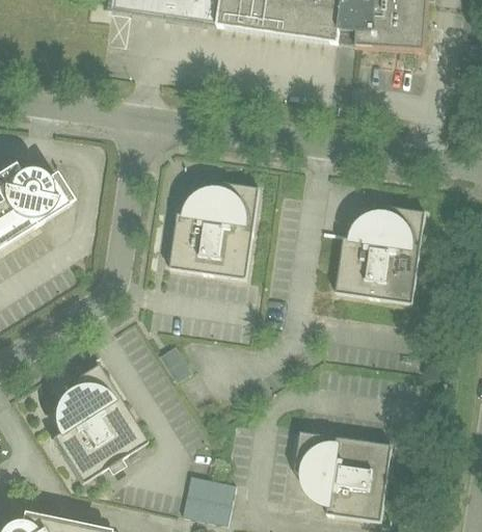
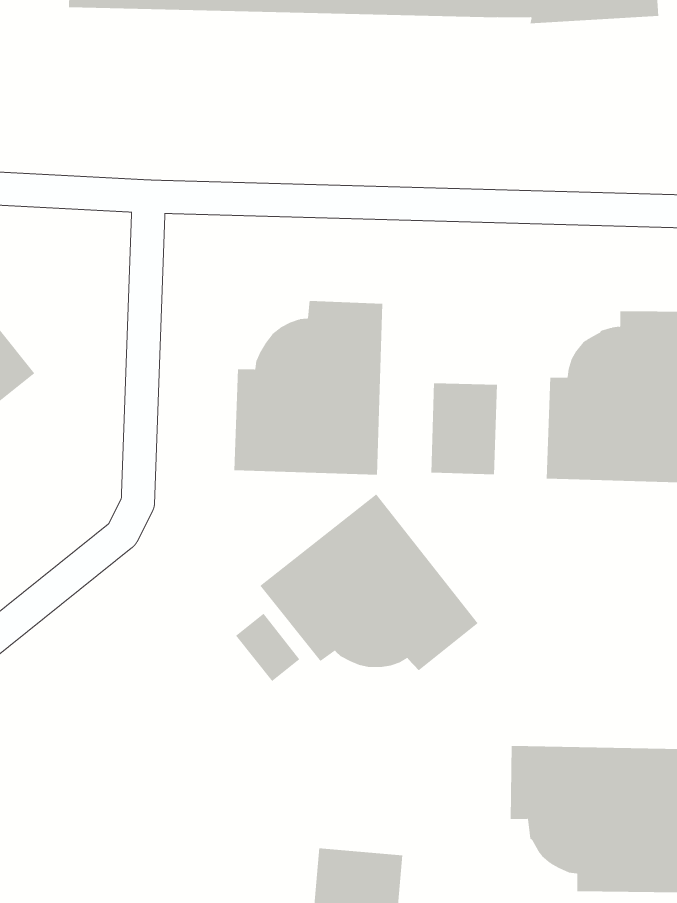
building: none -> [431,382,498,475]
building: none -> [259,494,478,671]
building: [50,362,144,481] -> none

